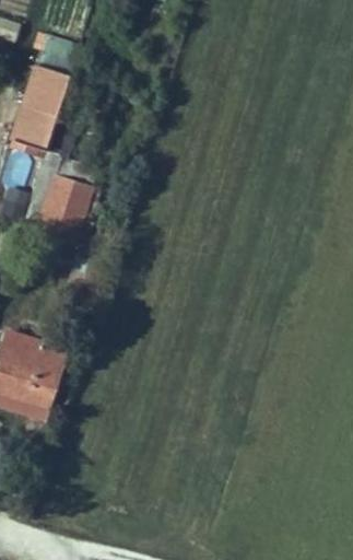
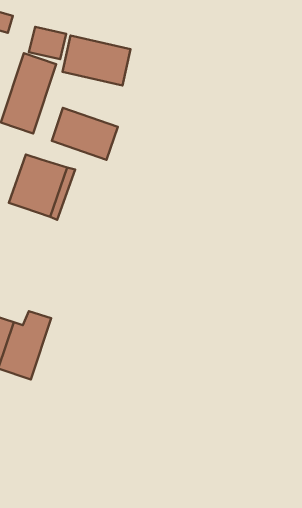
building: none -> [62,36,131,86]
building: none -> [52,108,118,160]

